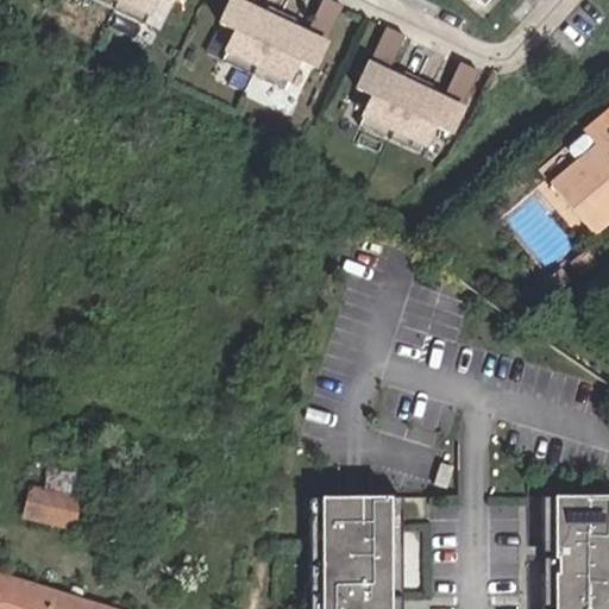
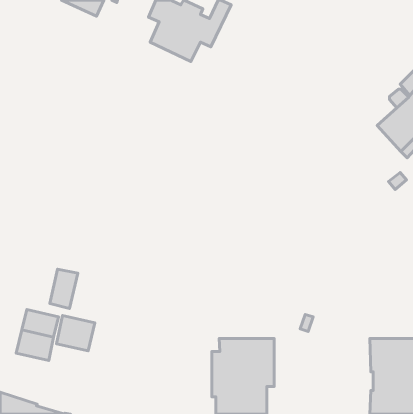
building: [357,29,478,156] -> none
building: none -> [50,269,78,308]
building: none -> [56,315,95,351]

